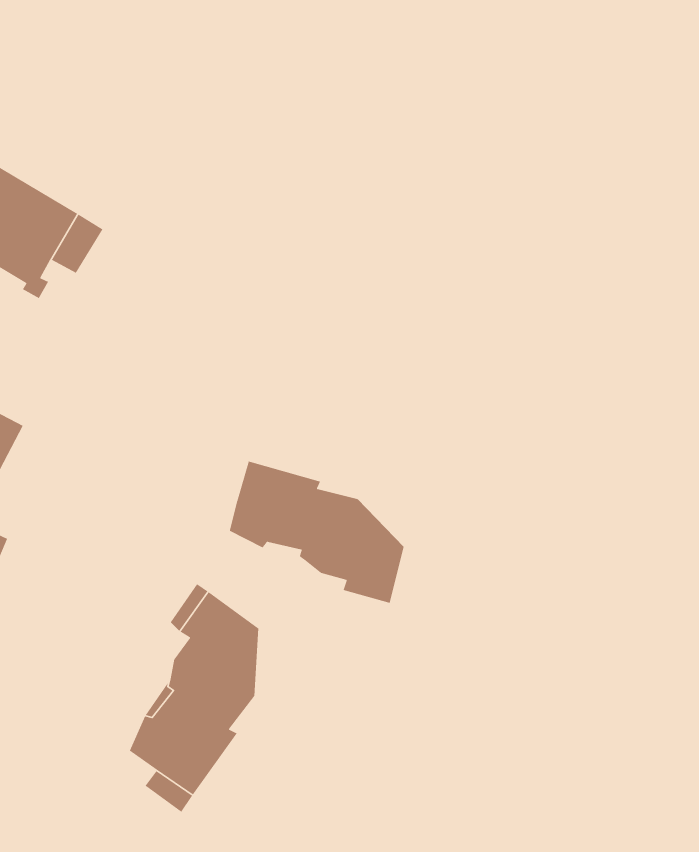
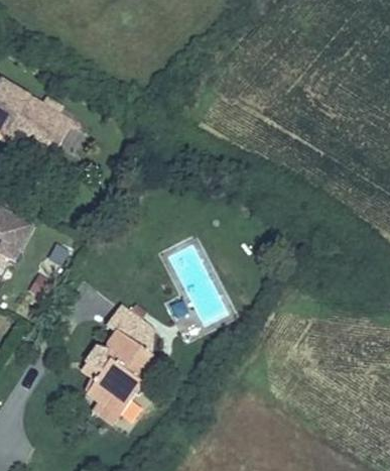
building: [229,461,404,604] -> none

